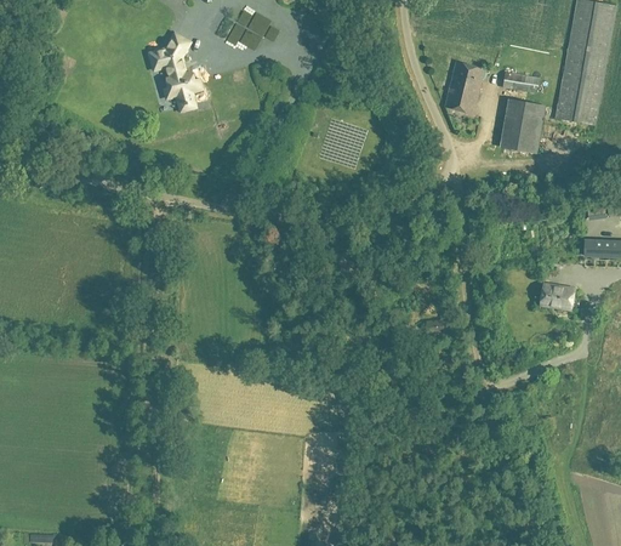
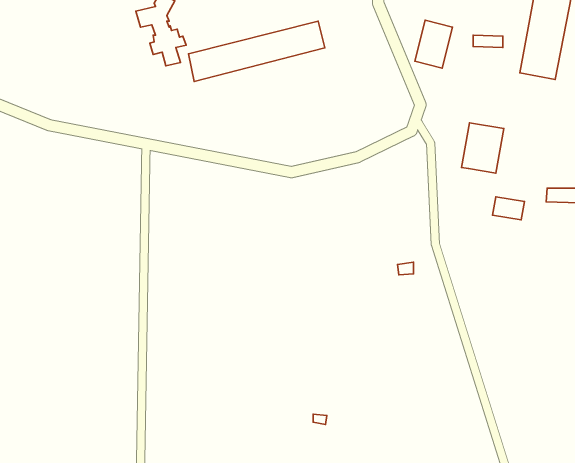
building: none -> [189,21,325,82]
building: [500,99,545,153] -> [462,123,504,173]
building: [540,284,574,308] -> [492,197,524,220]

